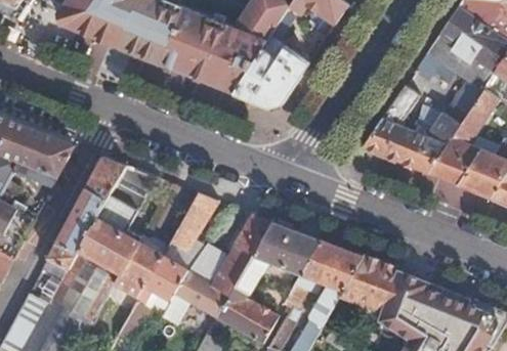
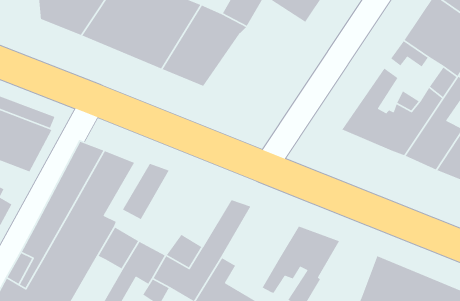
building: [225,44,310,112] -> none
building: [170,192,218,250] -> [122,163,170,220]
building: [244,220,321,279] -> none
building: [341,255,399,310] -> none

